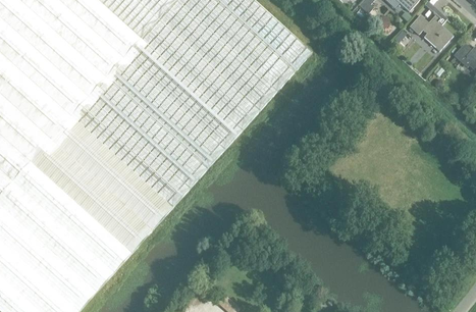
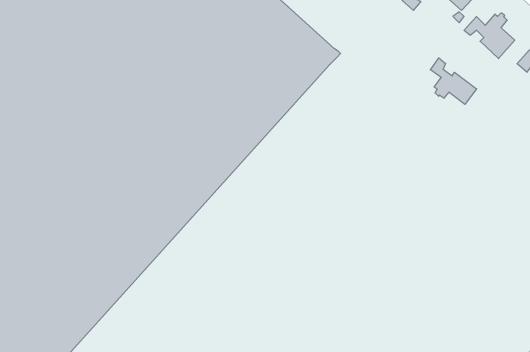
building: none -> [430,58,477,104]

